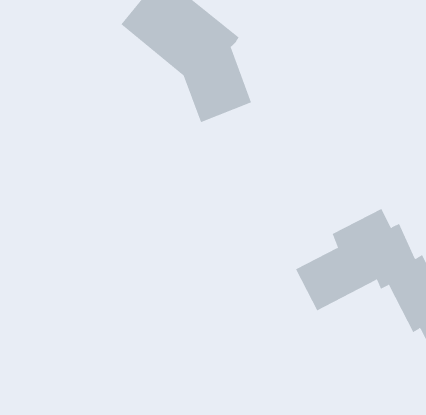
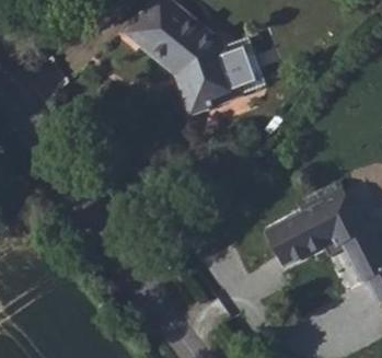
building: none -> [213,36,263,95]

